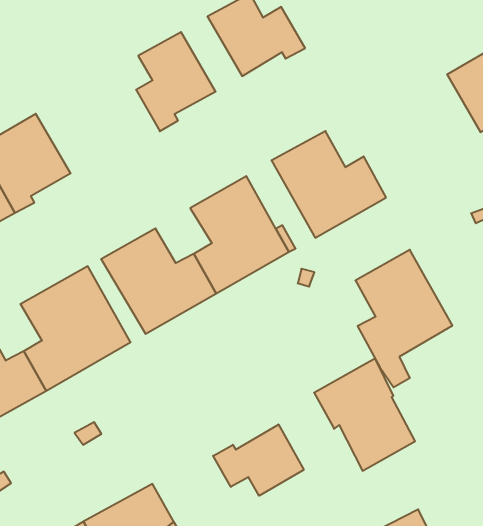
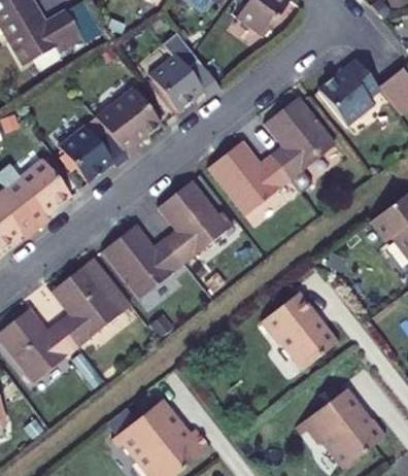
building: none -> [59,125,129,182]
building: [355,250,452,387] -> [265,96,336,192]
building: [213,424,304,496] -> none

